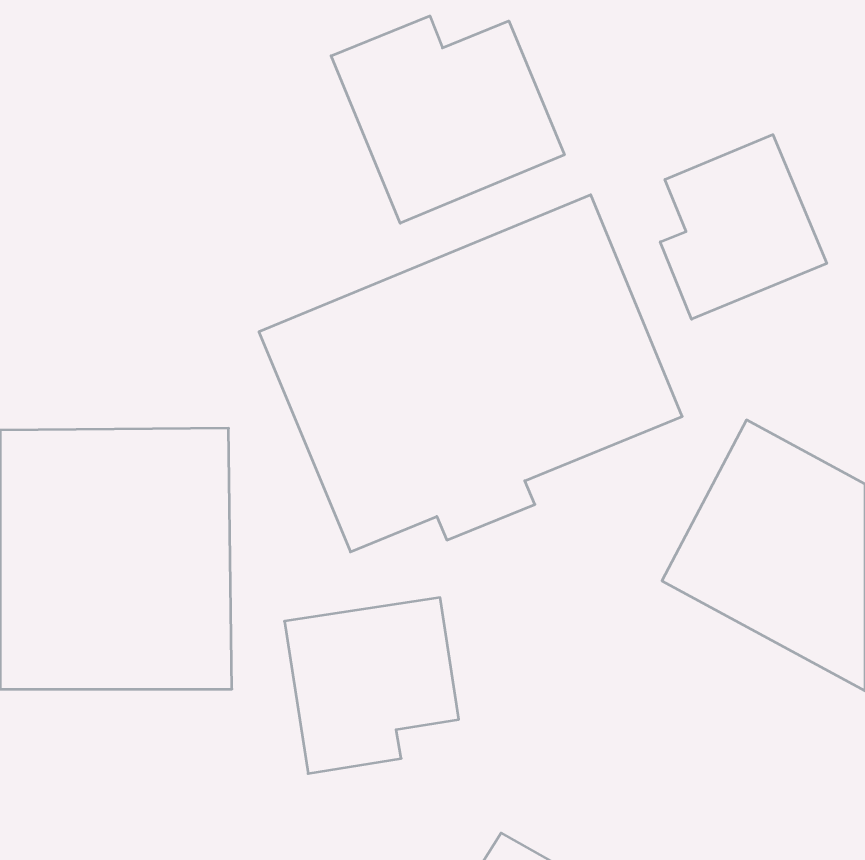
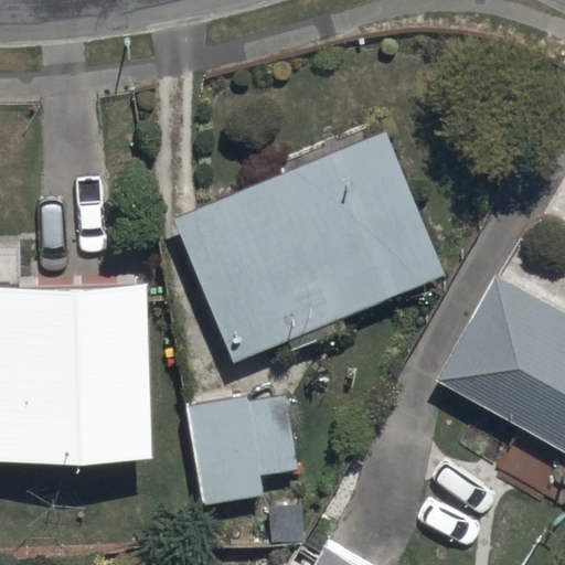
building: [331,16,564,223] -> none
building: [660,135,827,319] -> none

